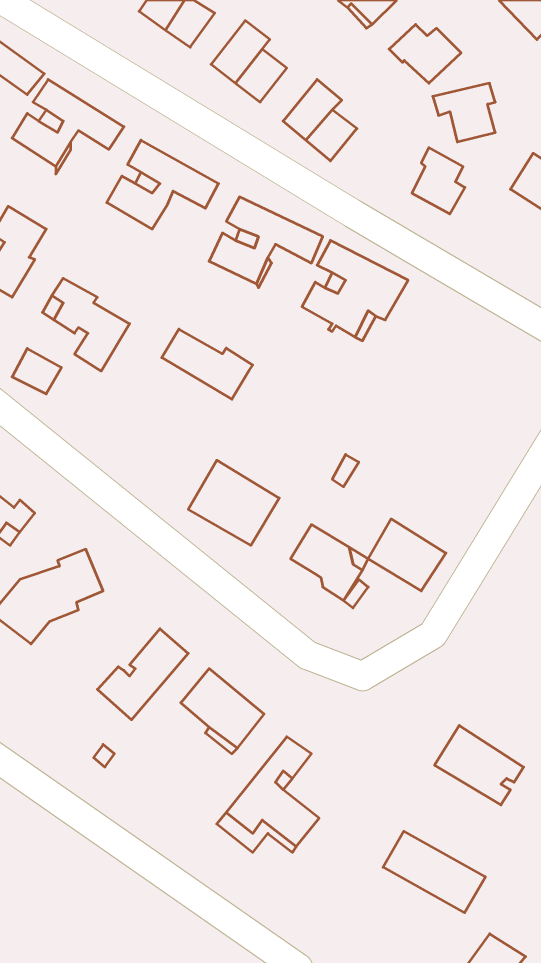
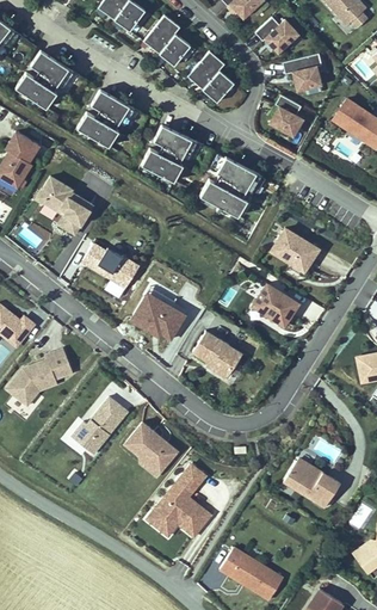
building: [162,329,253,399] -> [82,244,140,288]
building: none -> [270,228,317,272]
building: [368,519,446,591] -> [251,284,299,329]
building: [383,831,485,913] -> [220,549,284,600]

